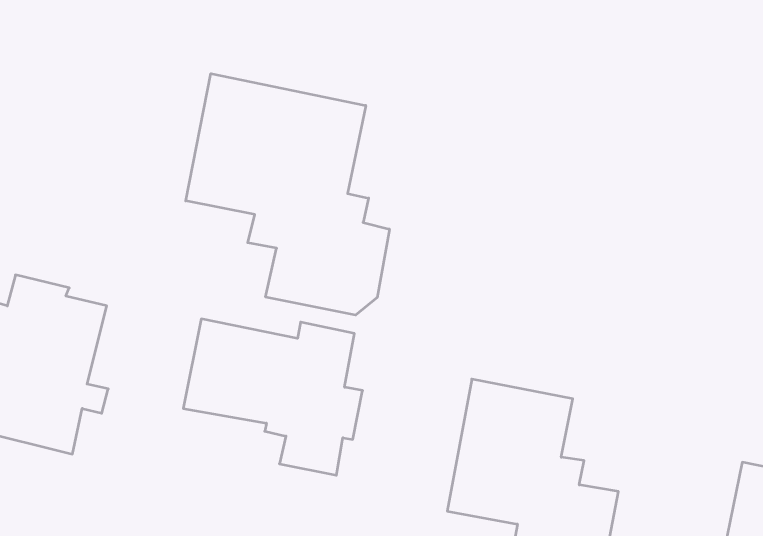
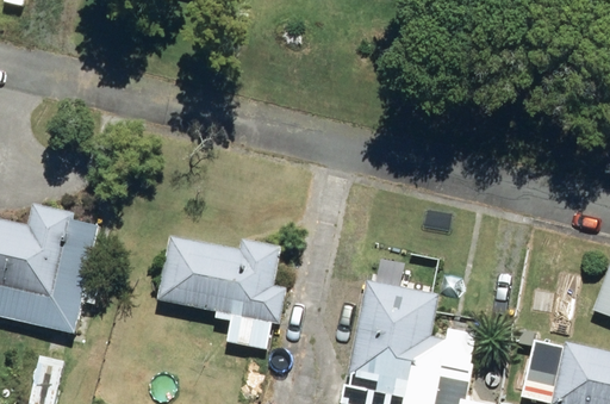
building: [186,74,389,315] -> none

